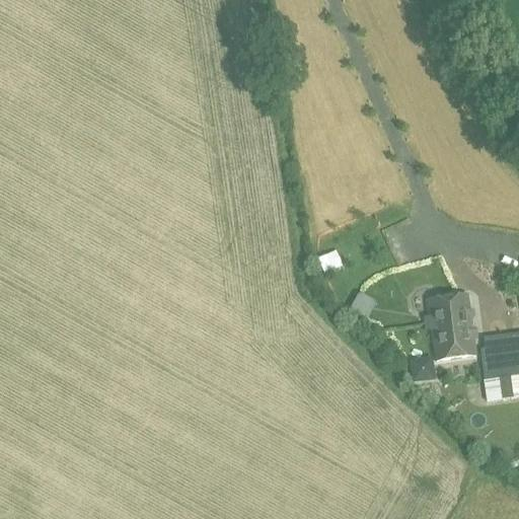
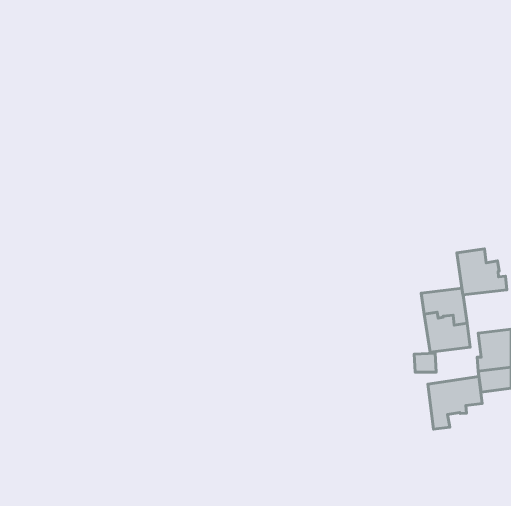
building: none -> [457,249,507,295]
building: none -> [428,377,482,429]

